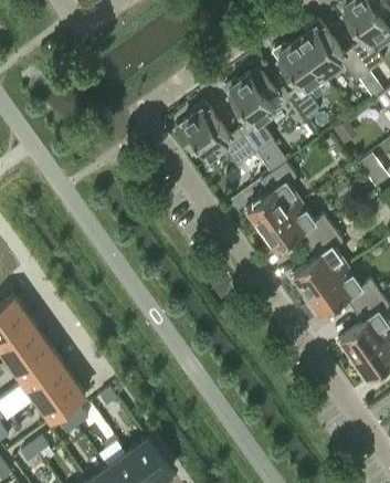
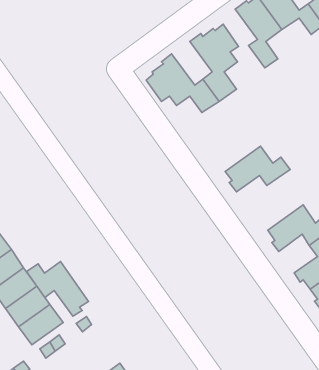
building: [244,165,301,232] -> none
building: [291,230,347,296] -> none
building: none -> [26,262,89,316]

